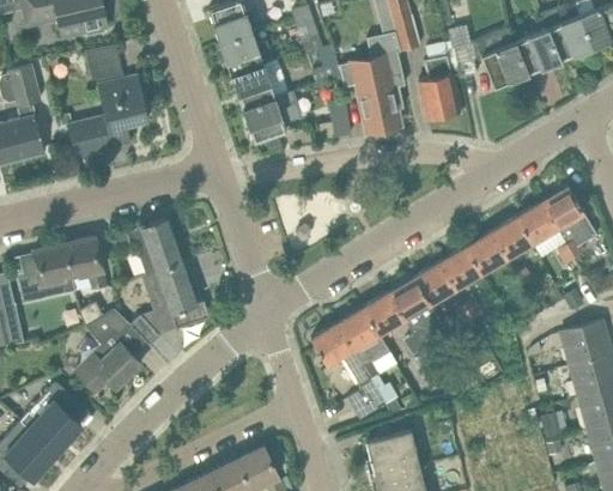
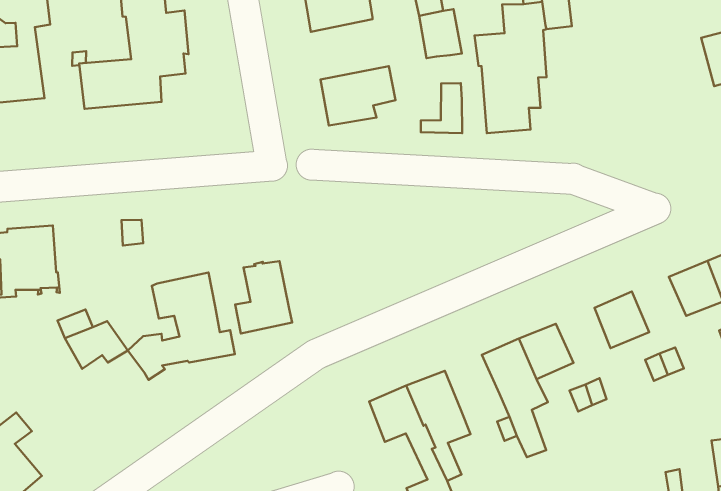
building: [450,28,528,89] -> none
building: [419,43,460,120] -> none
building: [231,60,291,111] -> none
building: [490,218,532,260] -> none
building: [139,219,182,275] -> [235,261,292,333]
building: [65,238,105,290] -> none
building: [438,248,480,290] -> none
building: [363,293,405,335] -> none
building: [74,343,141,394] -> none

